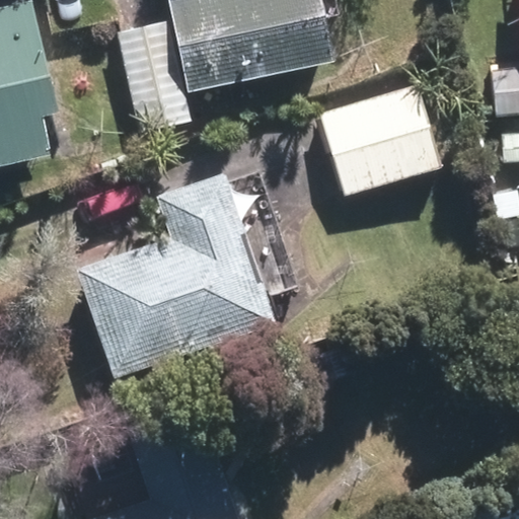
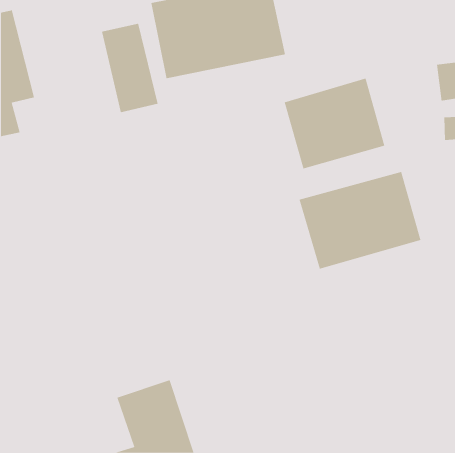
building: [81,187,257,372] -> none
building: none -> [299,171,421,269]

